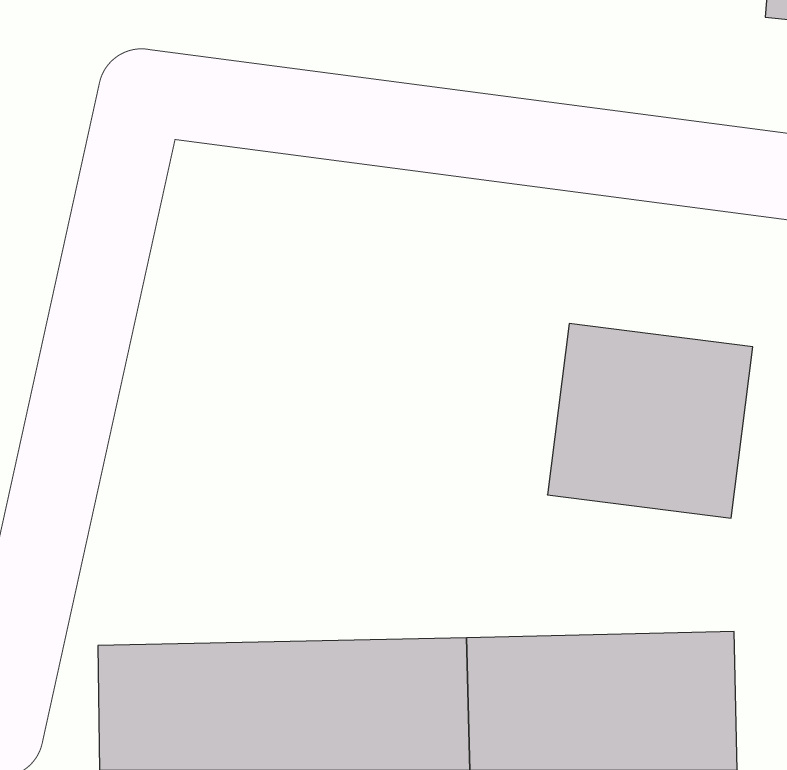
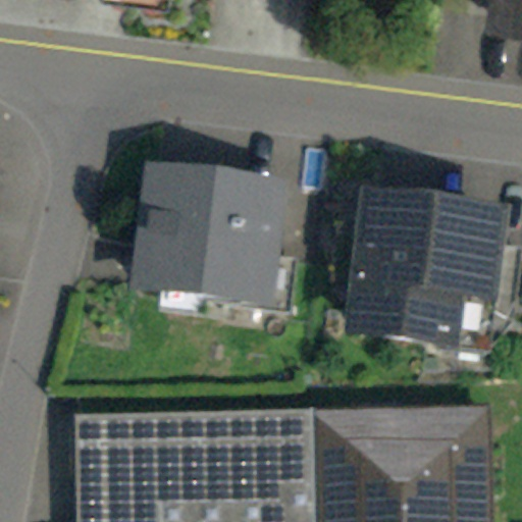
building: none -> [147,177,279,297]

